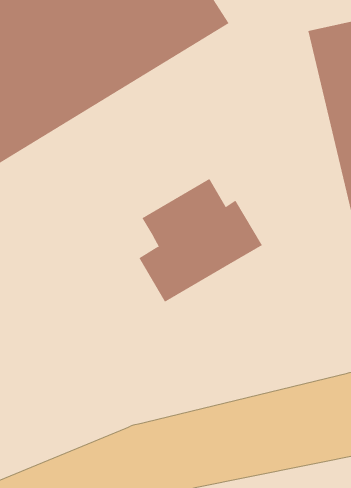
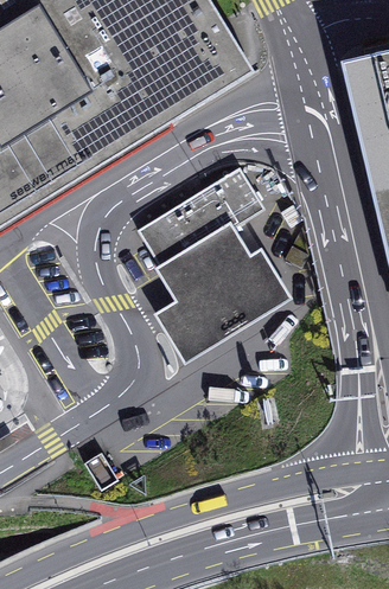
building: none -> [135,165,267,269]

